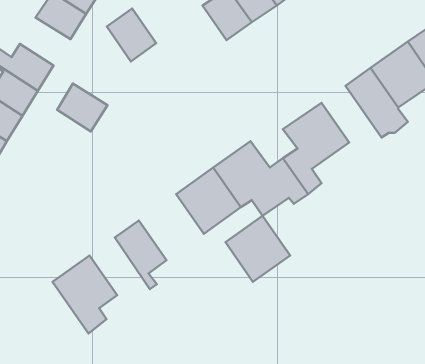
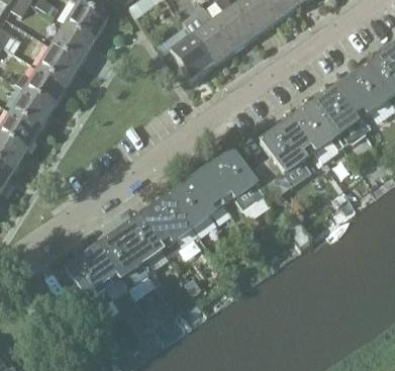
building: [107,8,156,61] -> [171,33,212,78]
building: [57,84,108,132] -> [38,43,81,84]
building: none -> [292,101,342,149]
building: [225,216,290,282] -> [138,192,193,248]
building: none -> [97,228,147,286]

